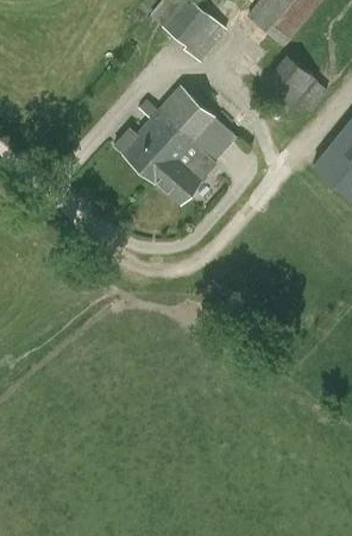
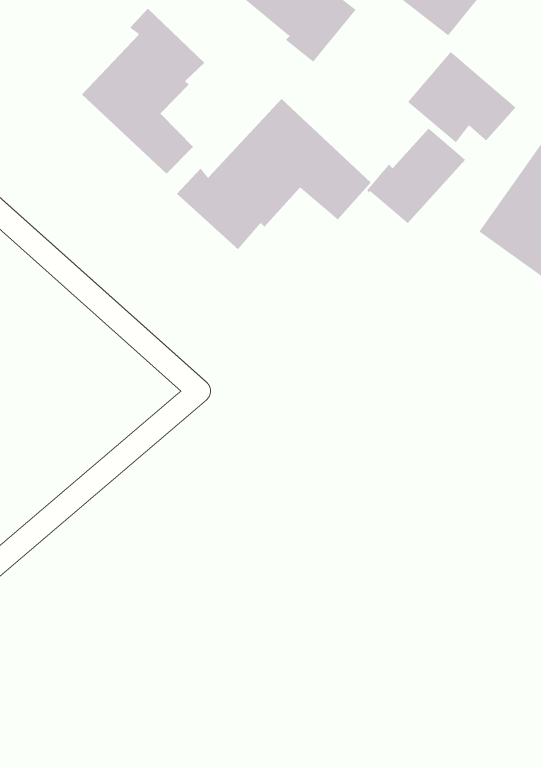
building: none -> [81,8,205,174]
building: [153,143,216,203] -> [366,128,466,224]

